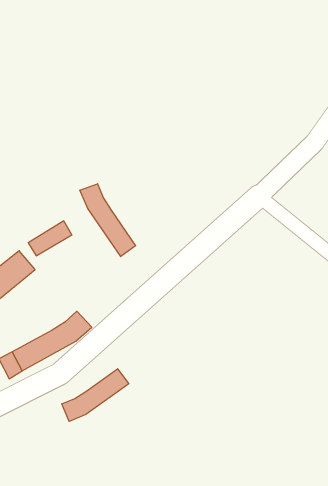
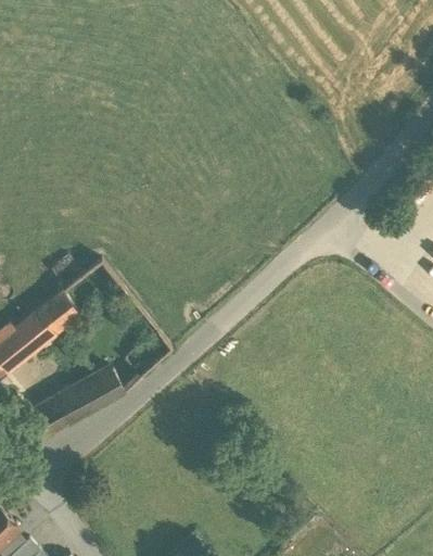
building: [80,184,136,257] -> none
building: [62,369,129,421] -> none

